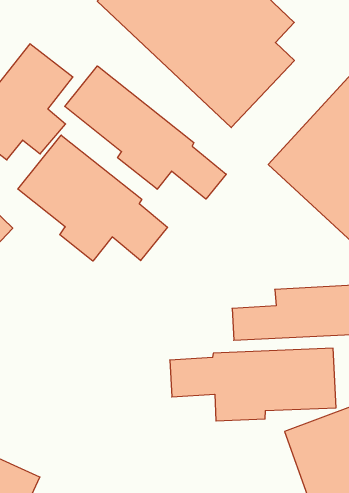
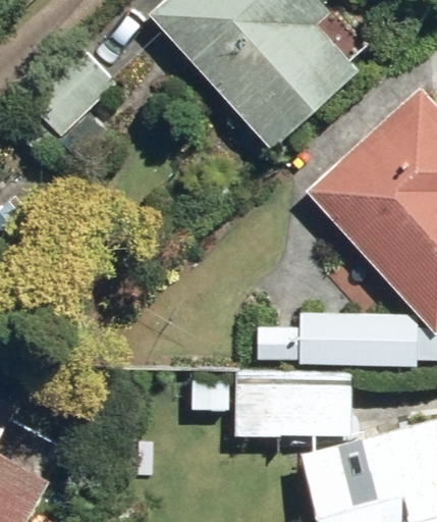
building: [65,66,226,199] -> none
building: [18,135,168,261] -> none

